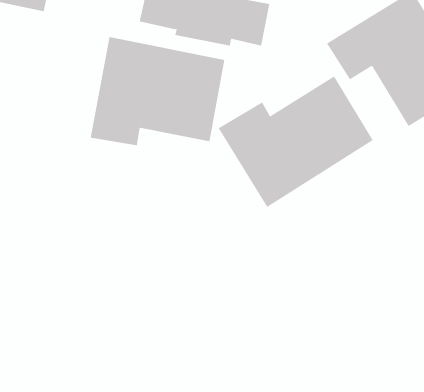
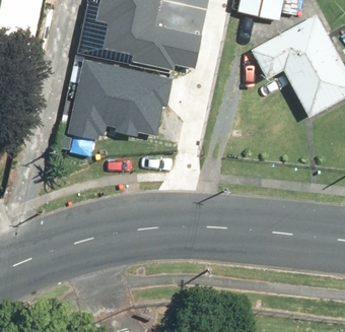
building: [218,75,374,208] -> none

